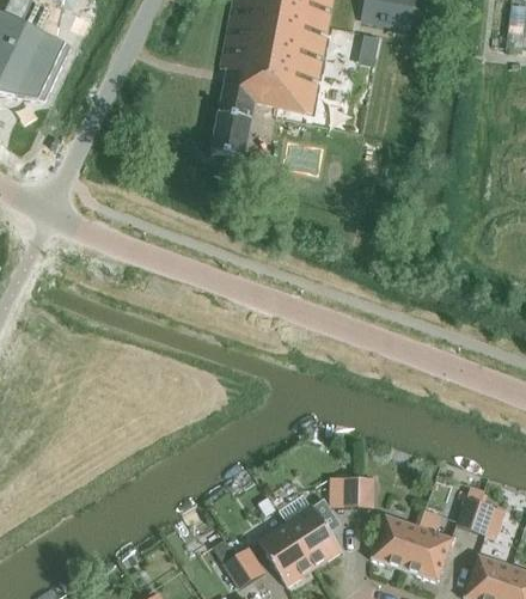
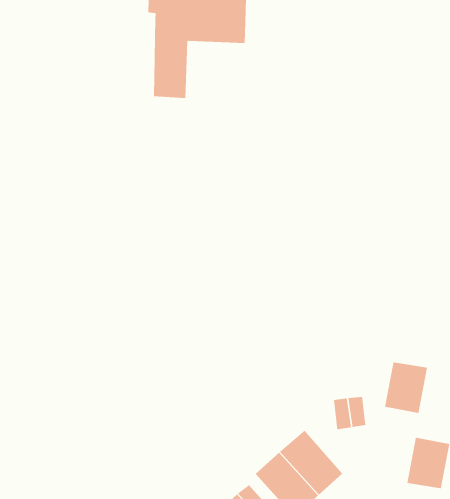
building: [371,514,420,569] -> [384,362,428,414]

